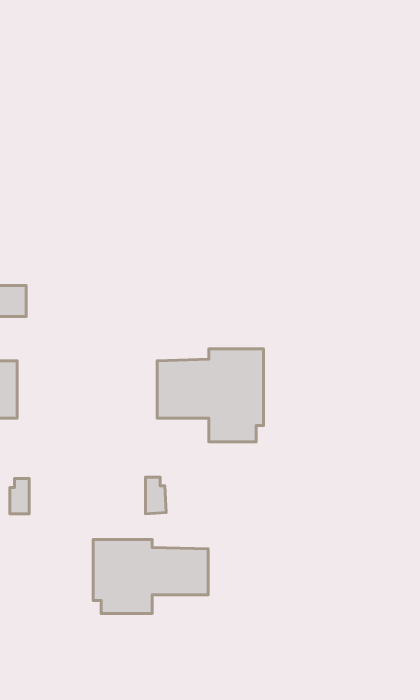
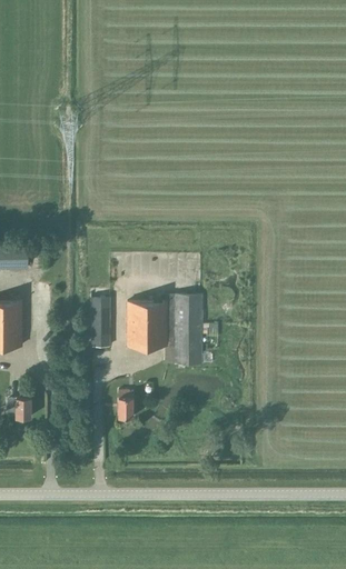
building: none -> [91,299,109,348]
building: [93,539,208,613] -> none

